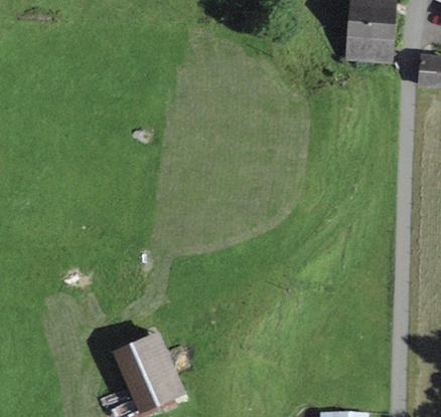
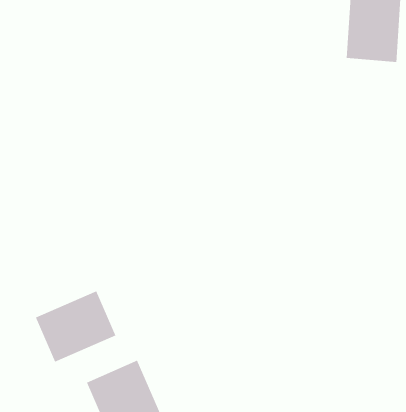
building: none -> [35,291,116,363]

